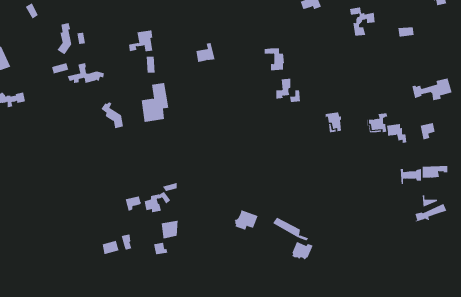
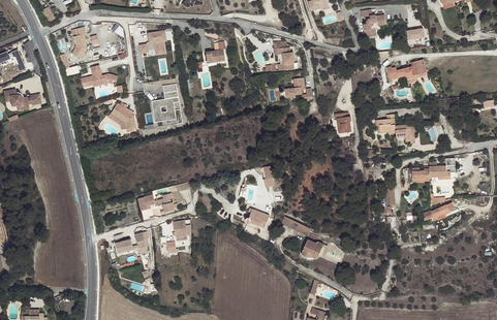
building: [411,78,452,101] -> [385,60,426,83]

